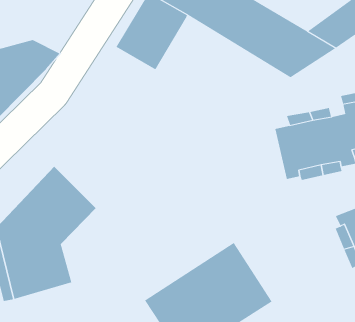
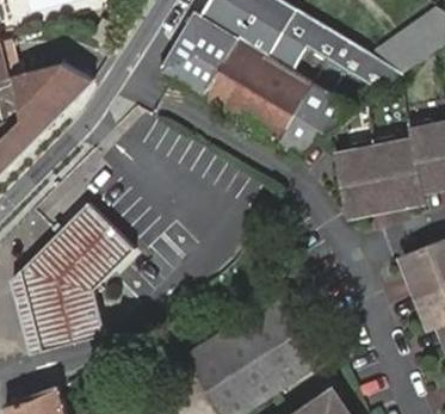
building: none -> [200,37,339,153]

